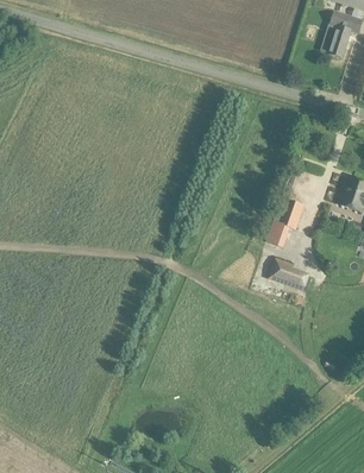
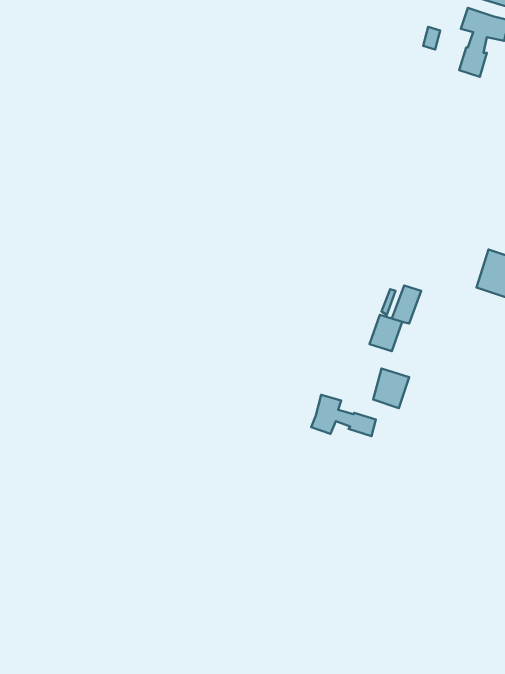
building: none -> [311,395,376,436]

